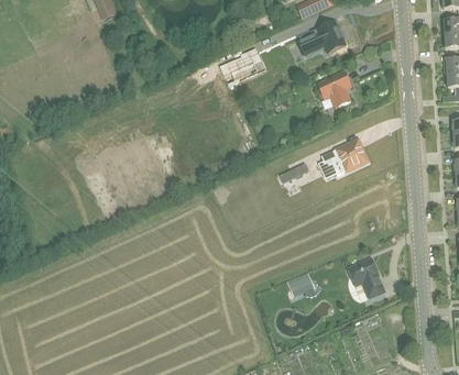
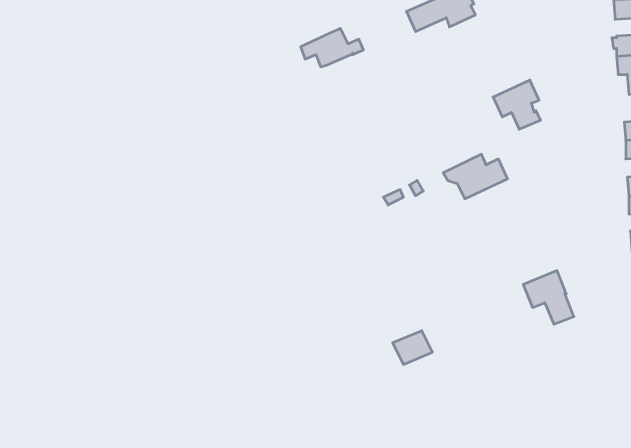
building: [317,69,351,104] -> [493,80,541,129]
building: [348,256,384,295] -> [523,271,574,324]

